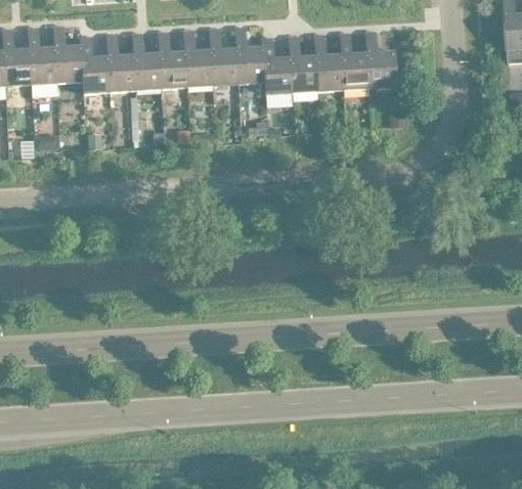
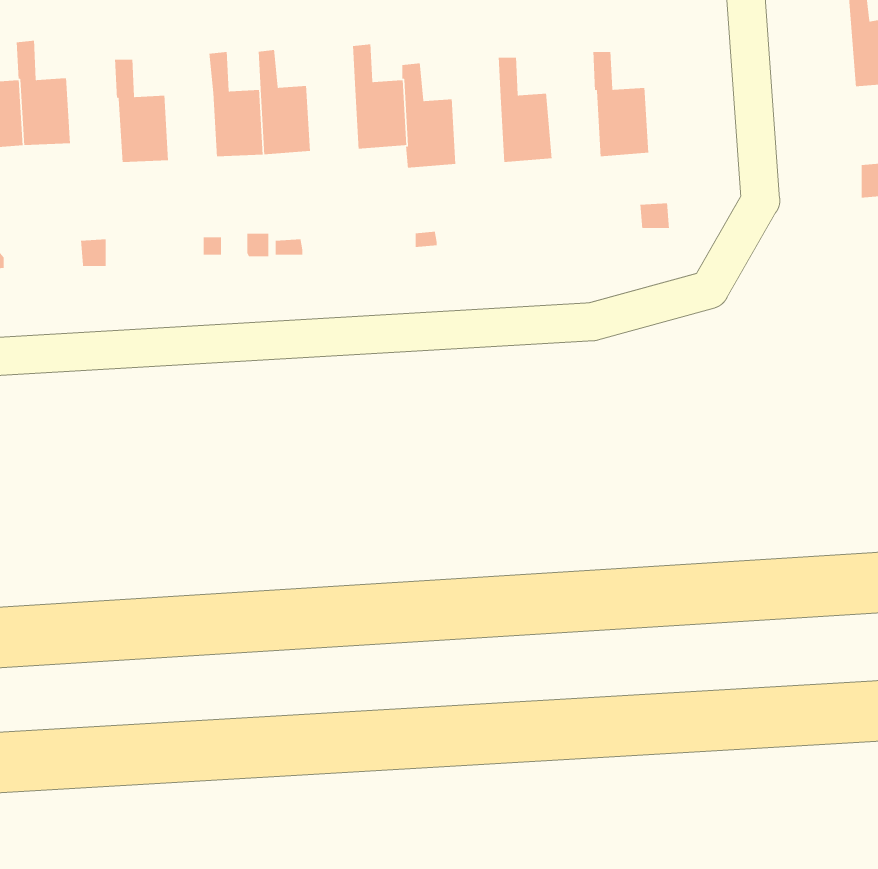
building: [210,29,238,86] -> none
building: [340,33,369,90] -> none
building: [132,34,162,91] -> none
building: [289,36,317,93] -> none
building: [80,37,111,94] -> none

